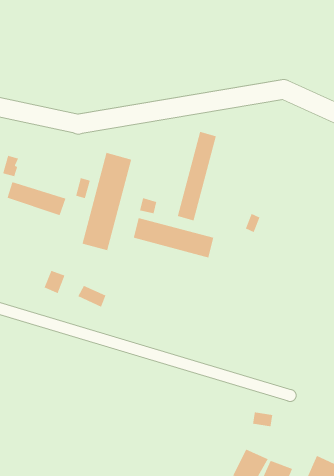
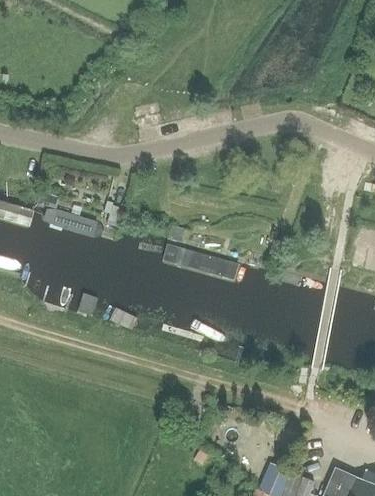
building: [177,131,217,221] -> none
building: [82,152,132,251] -> none

